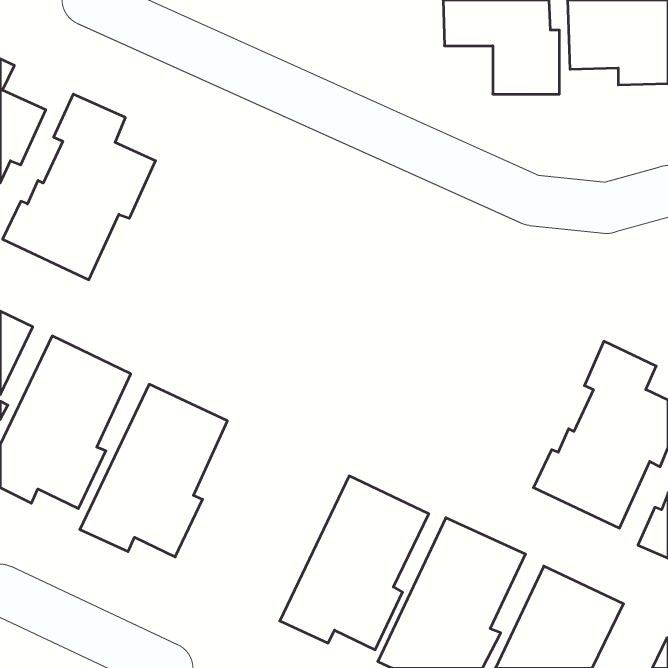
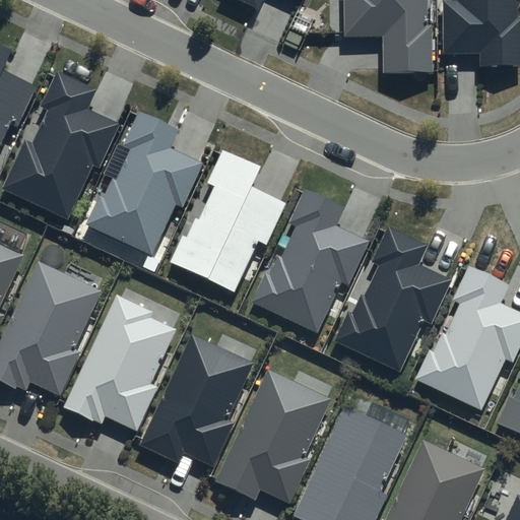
building: none -> [83,111,203,255]
building: none -> [168,149,287,294]
building: none -> [249,189,369,333]
building: none -> [332,226,452,371]
building: none -> [139,334,254,468]

